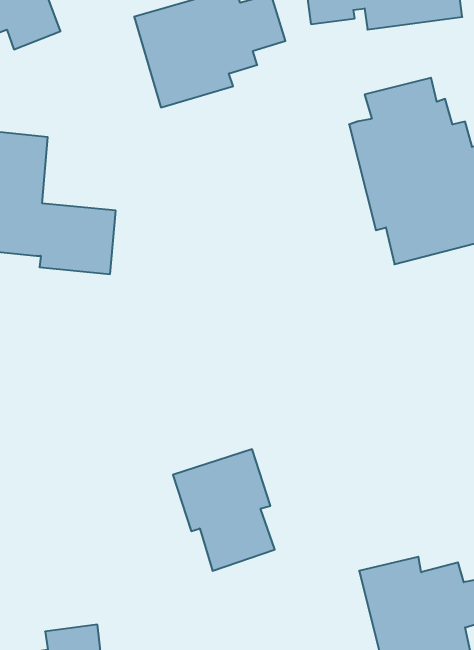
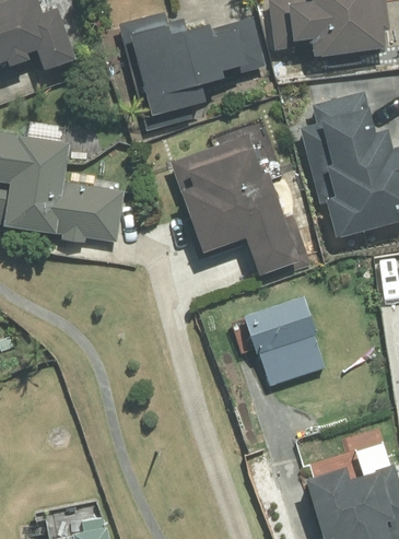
building: none -> [175,130,303,276]
building: [173,449,275,571] -> [245,292,324,386]

